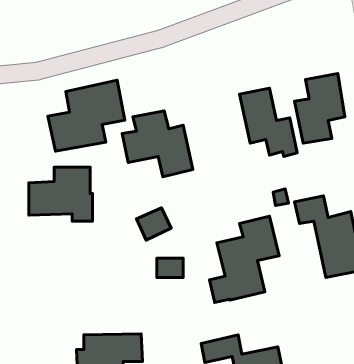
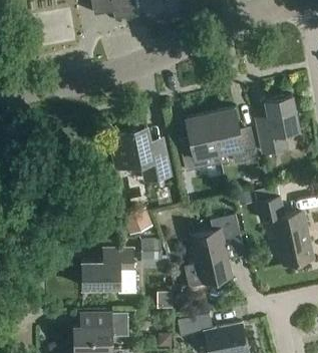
building: [48,80,125,151] -> none
building: none -> [181,112,219,178]
building: [29,167,92,221] -> [82,248,135,293]

